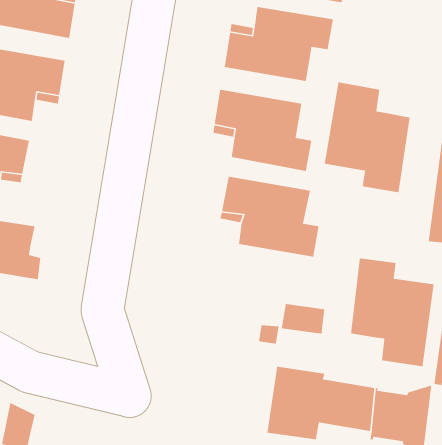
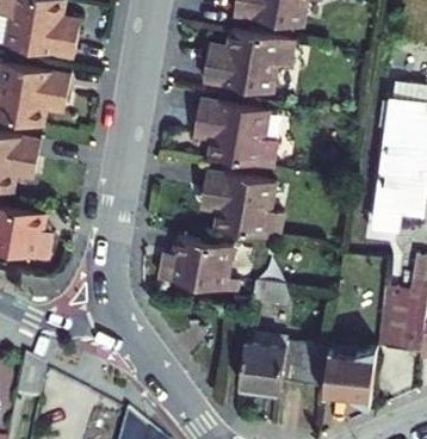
building: [324,82,411,193] -> none
building: none -> [160,235,239,290]
building: [350,258,435,367] -> none

